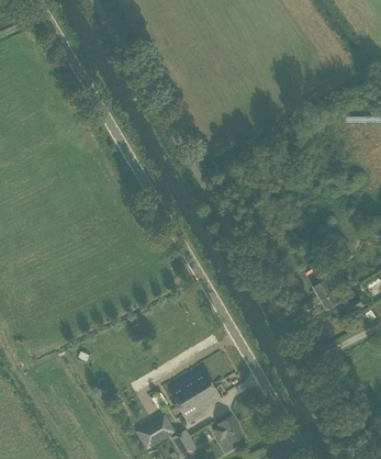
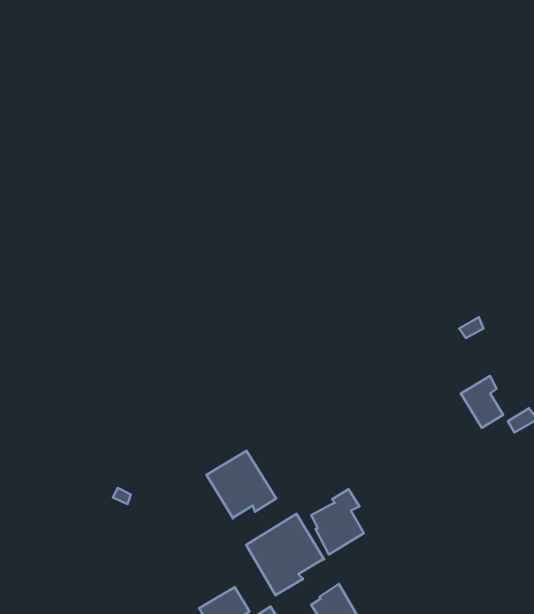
building: none -> [207,451,276,519]
building: none -> [311,489,364,554]

